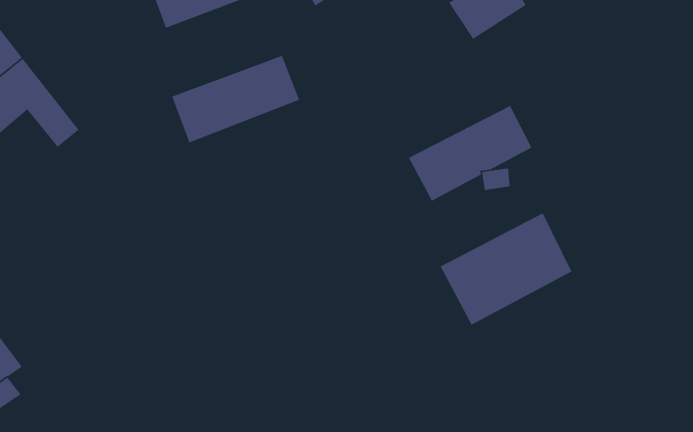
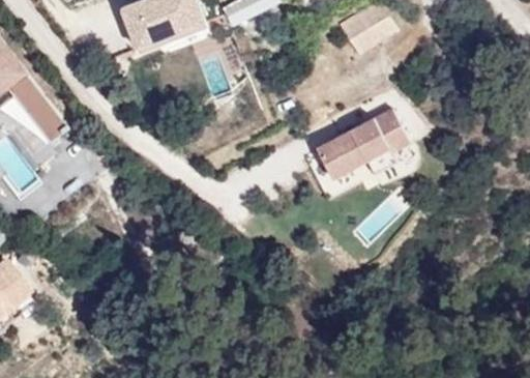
building: [171,55,300,143] -> none
building: [440,212,573,326] -> none

